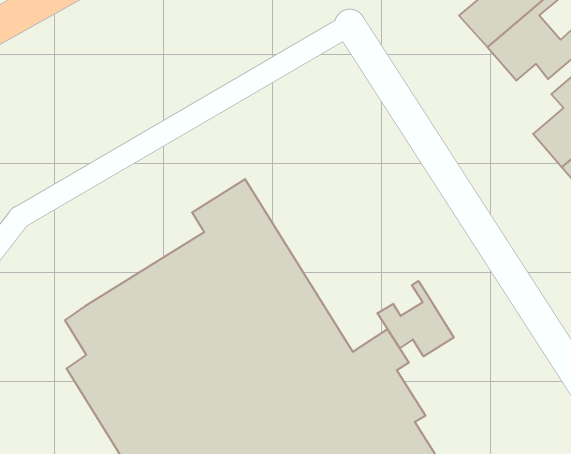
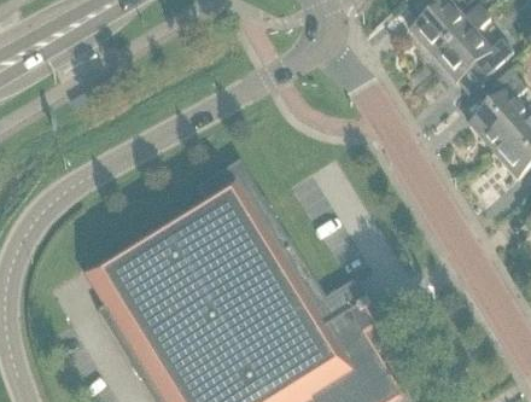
building: [377,281,454,356] -> none

